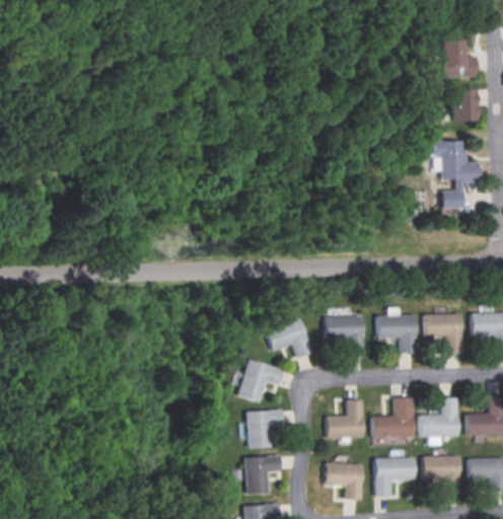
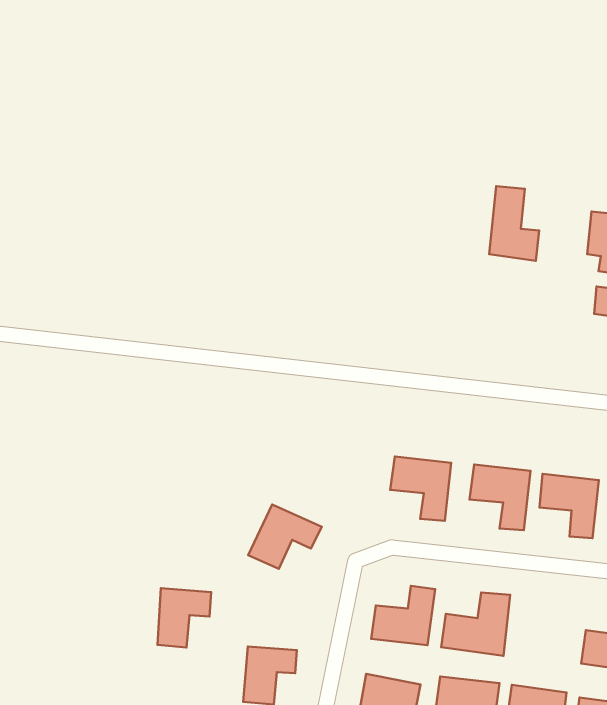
building: none -> [489,186,539,261]
building: [266,318,313,359] -> none
building: [419,399,457,438] -> none
building: [248,407,283,447] -> [158,588,211,647]

